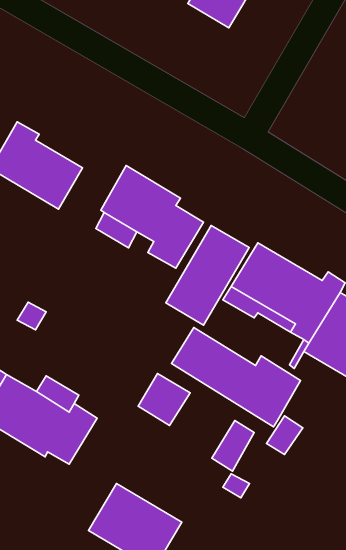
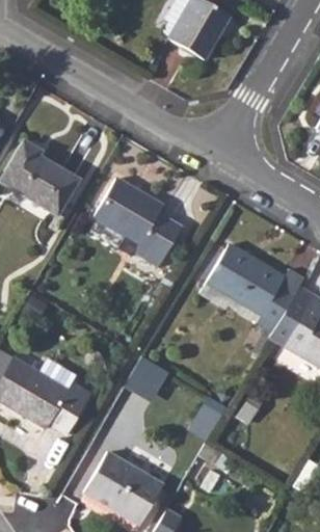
building: [166,225,249,325] -> none
building: [172,328,301,427] -> none

